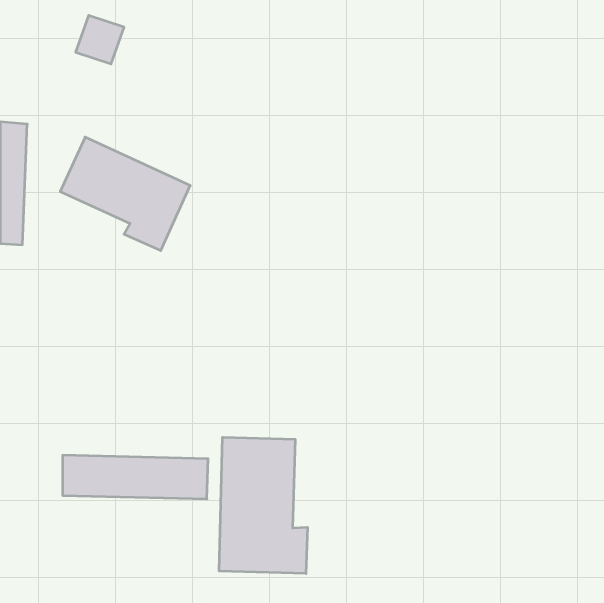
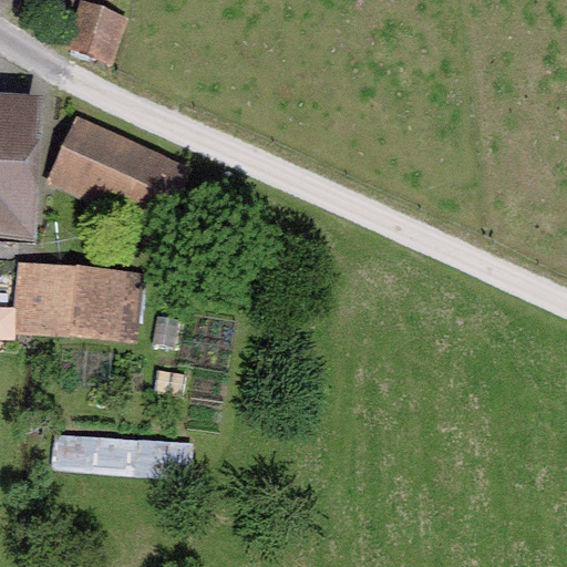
building: none -> [20,275,131,333]
building: [219,437,307,574] -> none

